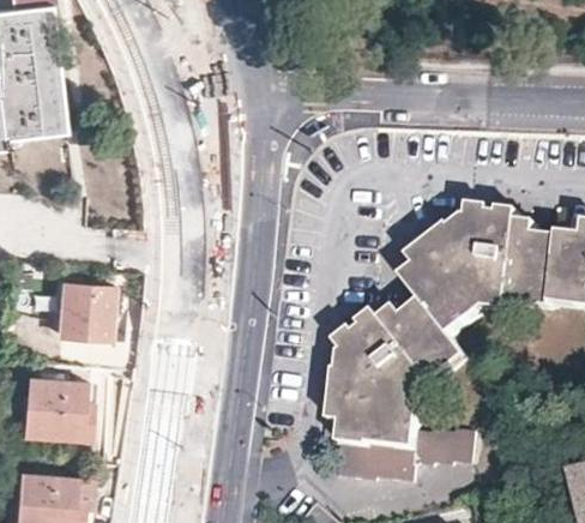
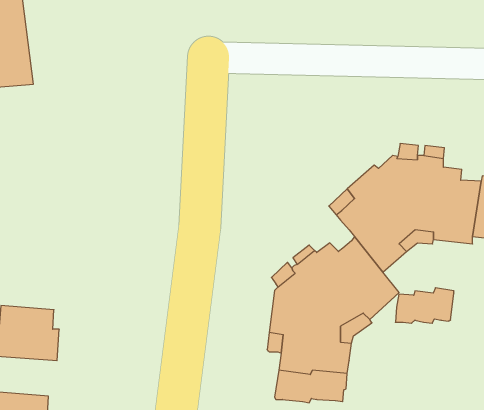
building: [60,279,115,333] -> none
building: [412,427,477,467] -> [395,288,454,323]

